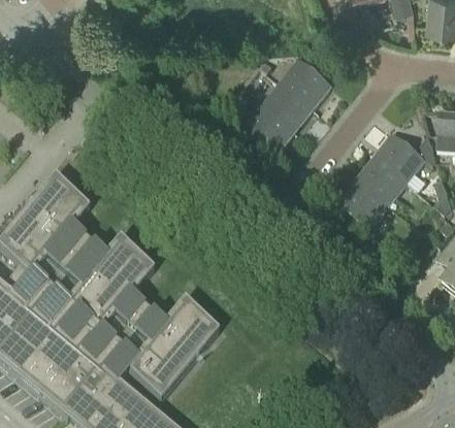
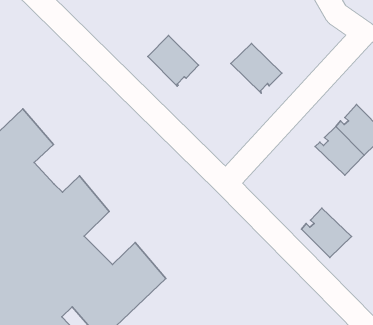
building: [280,56,332,106] -> none
building: [242,102,295,153] -> [148,36,199,86]
building: [337,177,389,227] -> [301,208,351,258]

